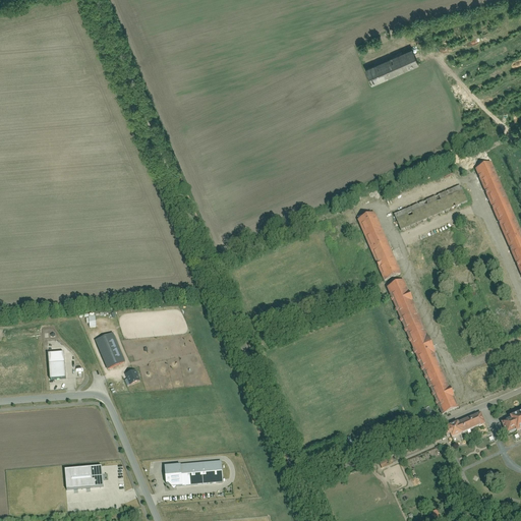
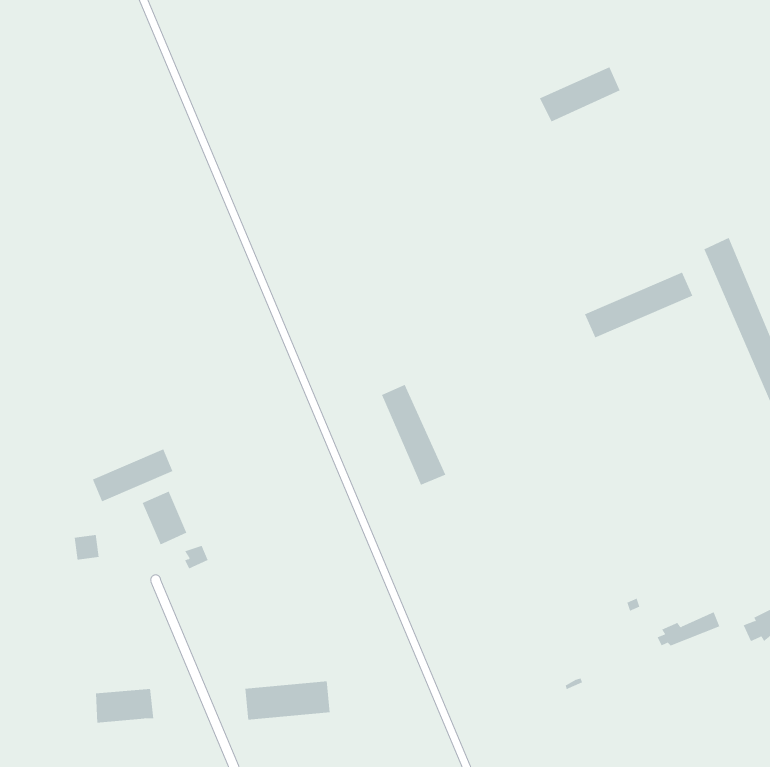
building: [358,212,402,280] -> [381,384,446,485]
building: [388,281,459,413] -> none
building: none -> [92,449,173,502]

